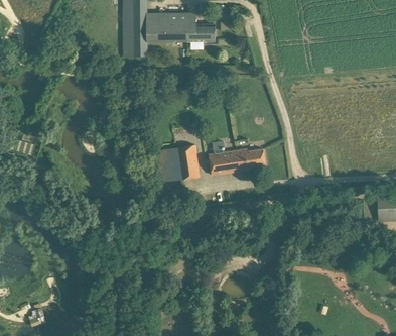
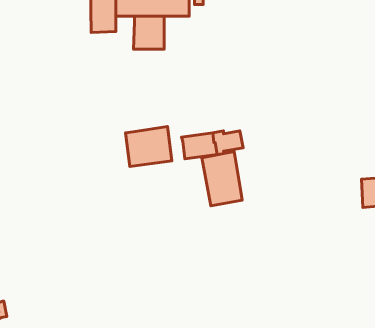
building: none -> [134,16,164,49]
building: none -> [202,152,242,206]

